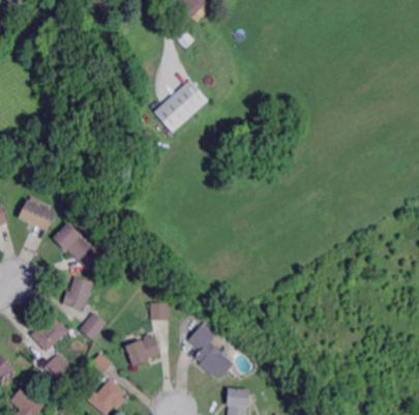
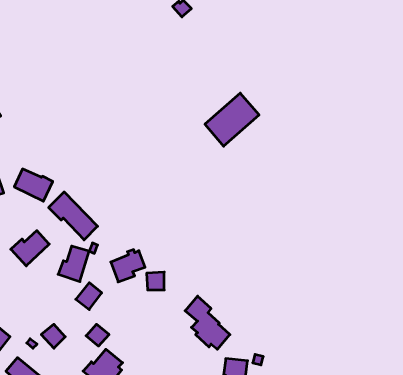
building: [153,81,207,134] -> [205,93,259,146]
building: [29,316,67,351] -> [11,231,49,266]
building: [124,335,158,367] -> [111,250,145,282]

